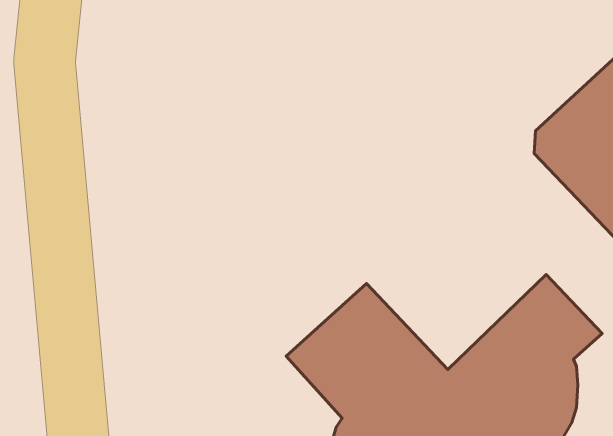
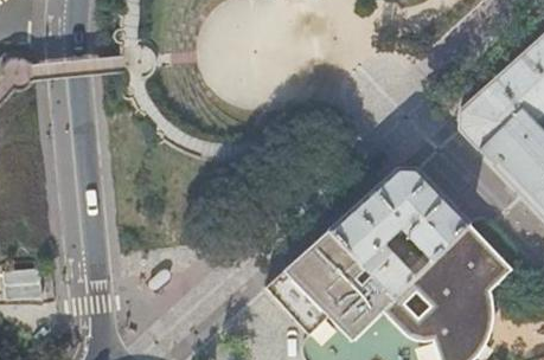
building: none -> [329,168,471,298]

